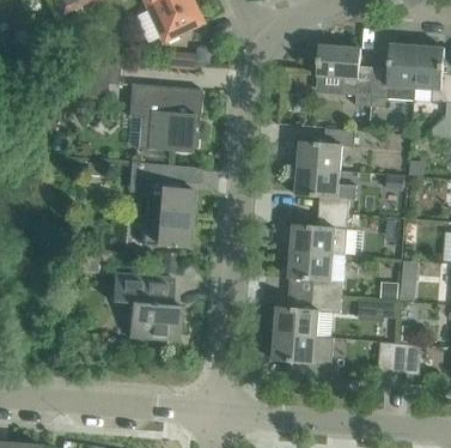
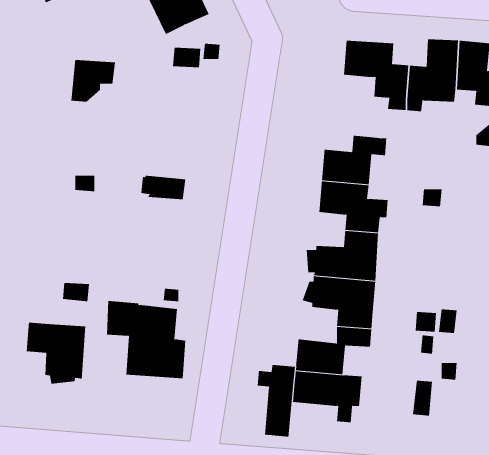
building: [128,83,201,153] -> none
building: [142,189,193,246] -> none
building: none -> [26,322,86,385]
building: none -> [257,364,295,437]
building: [392,343,420,375] -> none

